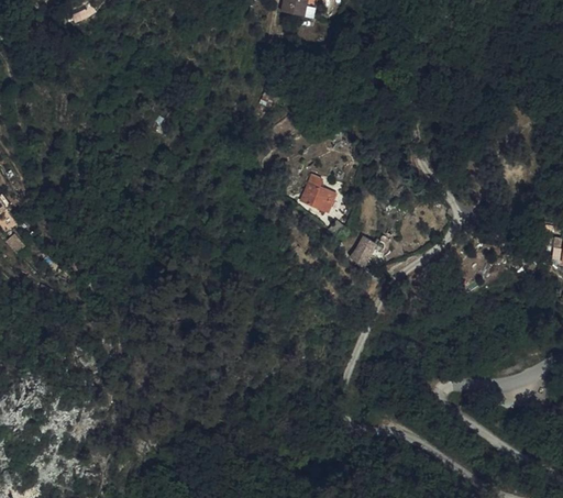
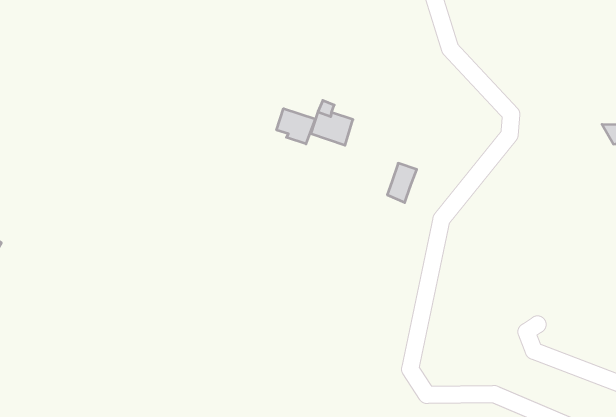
building: none -> [277,109,315,144]

